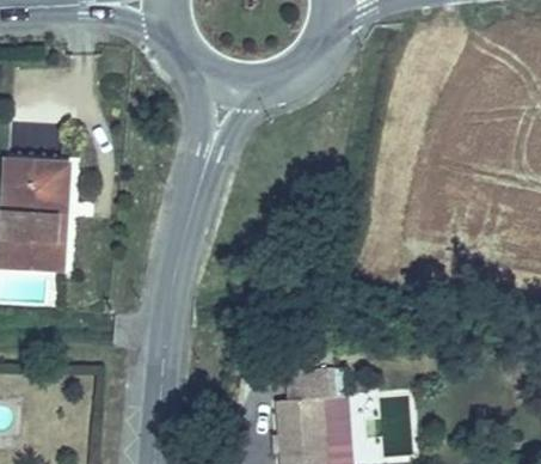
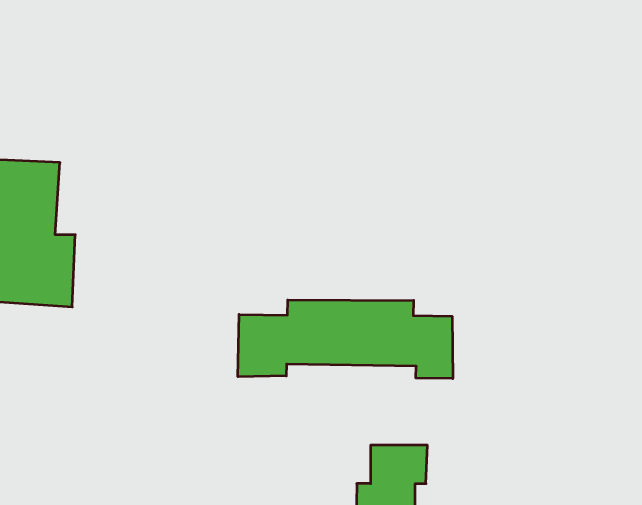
building: none -> [238,300,453,379]

